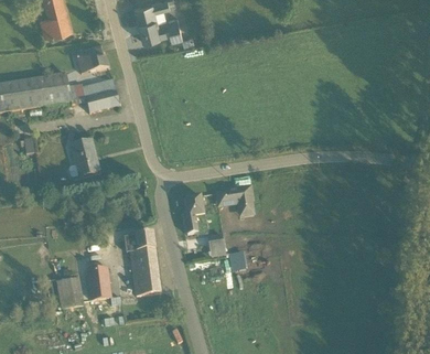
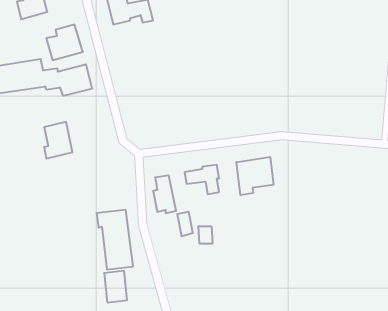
building: none -> [236,157,274,195]
building: [86,266,110,299] -> [104,271,127,302]
building: [54,276,82,308] -> none

